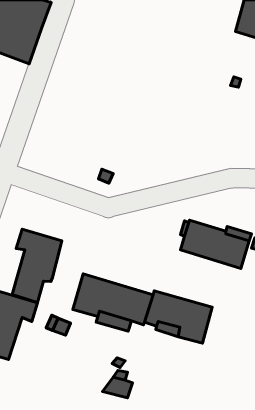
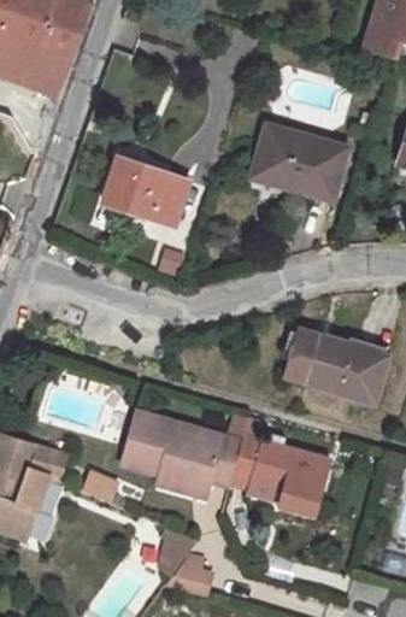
building: none -> [254,128,346,200]
building: none -> [104,157,189,227]
building: [12,229,62,302] -> none

